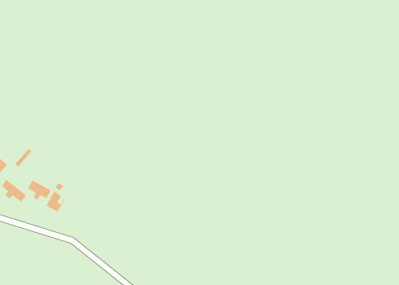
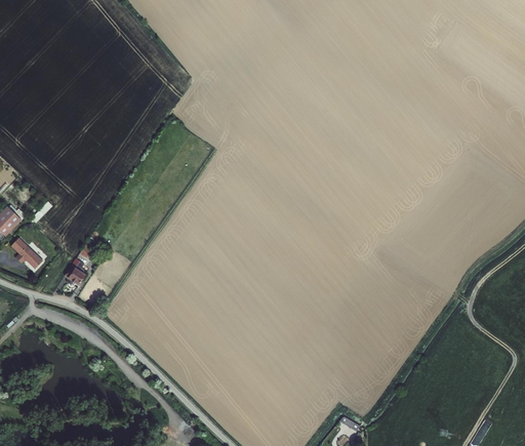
building: [27,180,52,201] -> none

